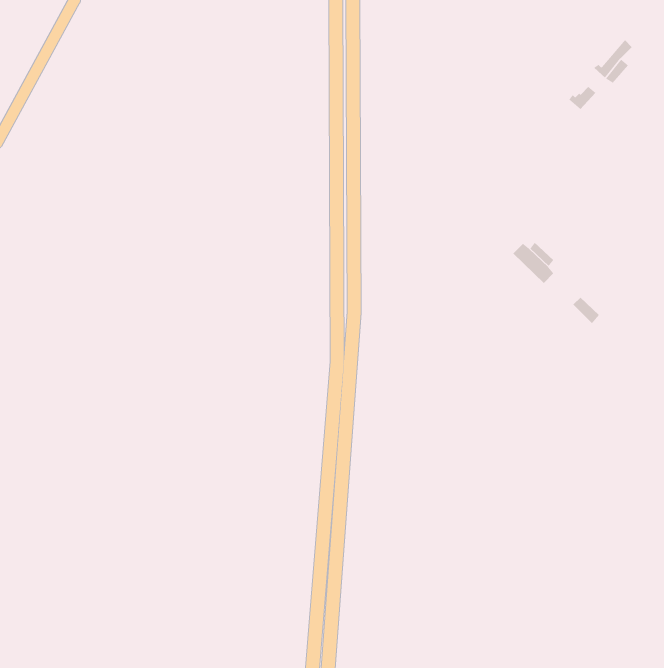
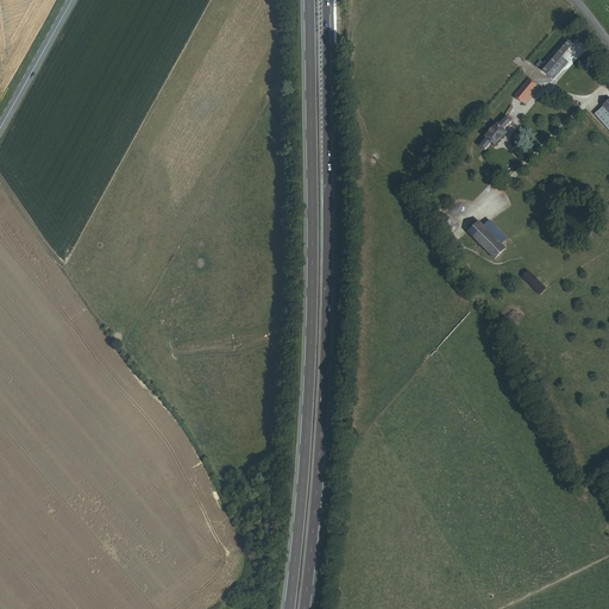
building: none -> [481,113,515,149]

